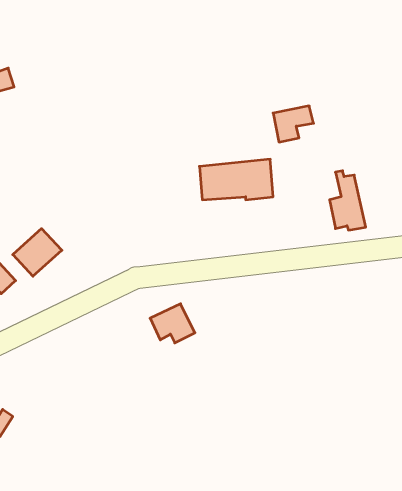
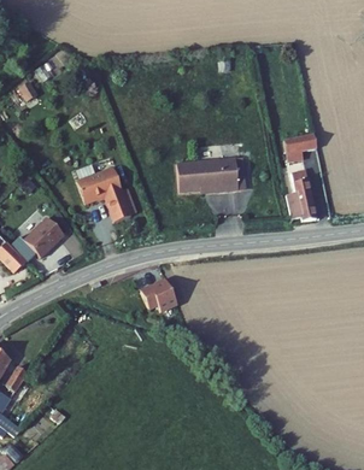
building: [273,106,314,142] -> [284,129,318,159]
building: none -> [78,168,134,223]

